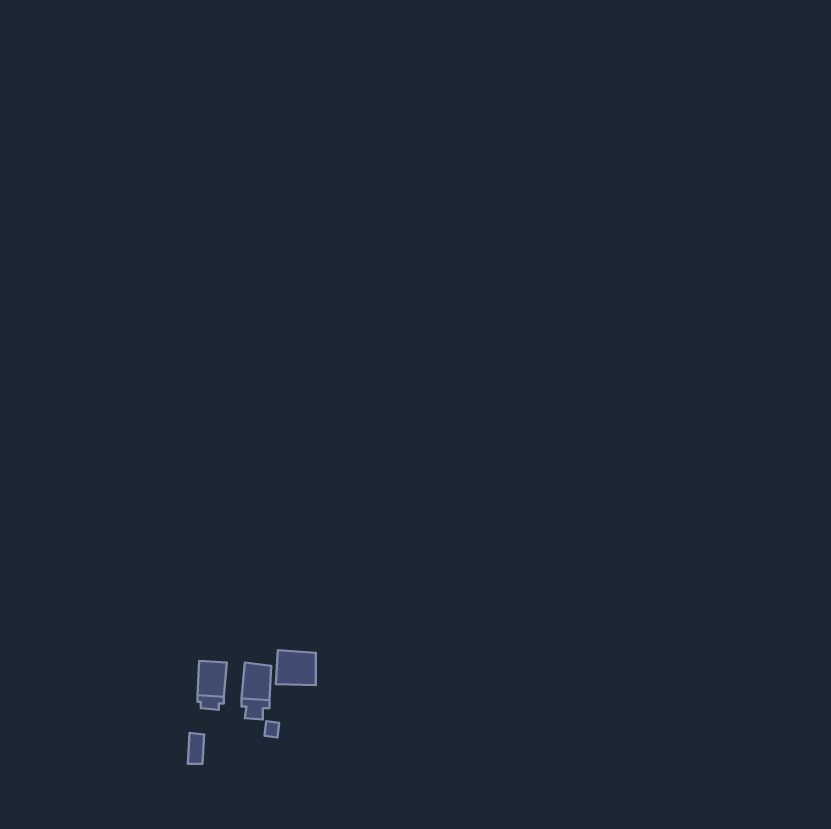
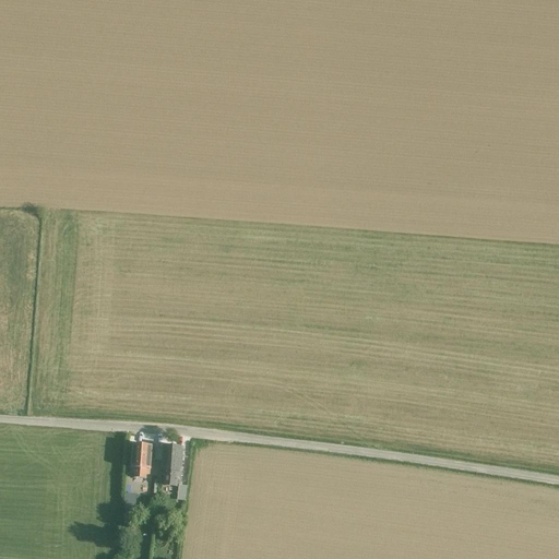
building: [276,650,316,685] -> none

